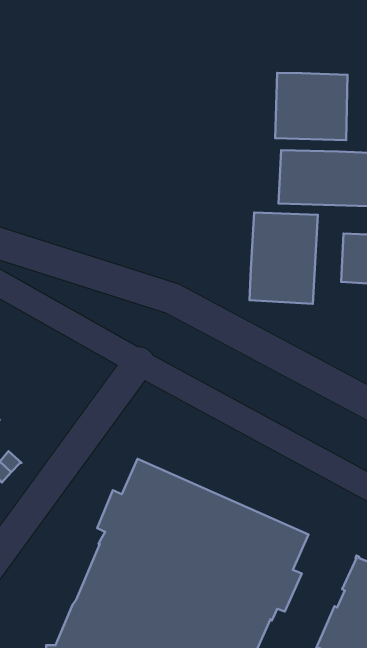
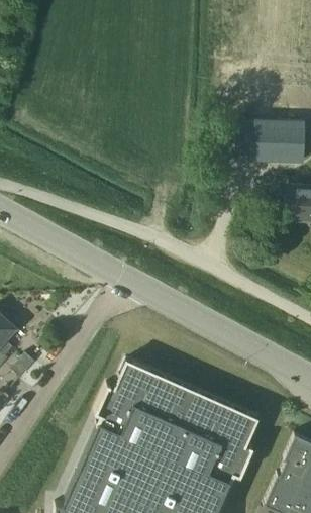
building: [275,73,347,140] -> none
building: [250,212,318,304] -> none

